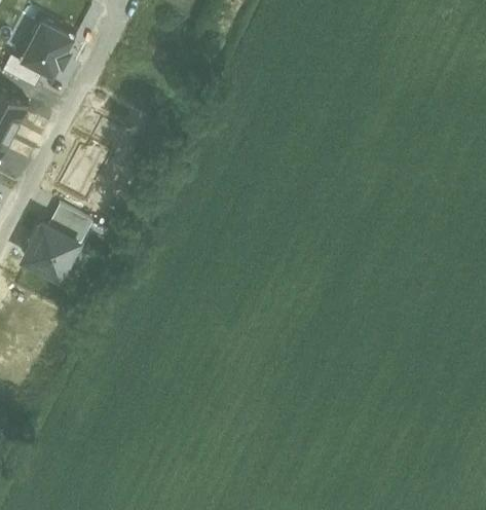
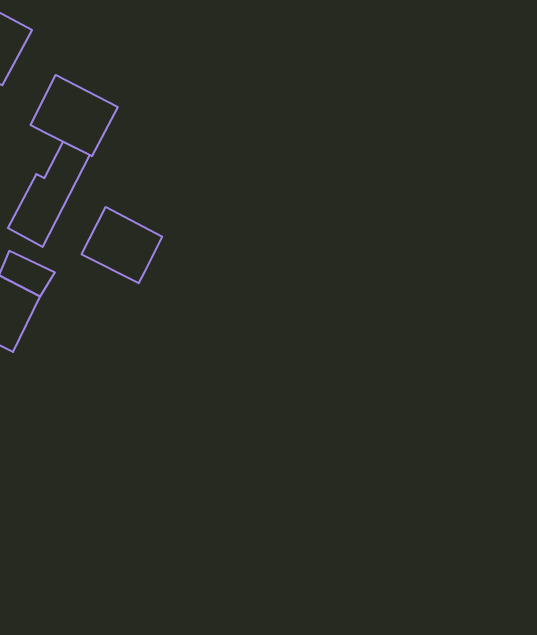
building: none -> [31,75,118,156]
building: none -> [82,207,162,283]

